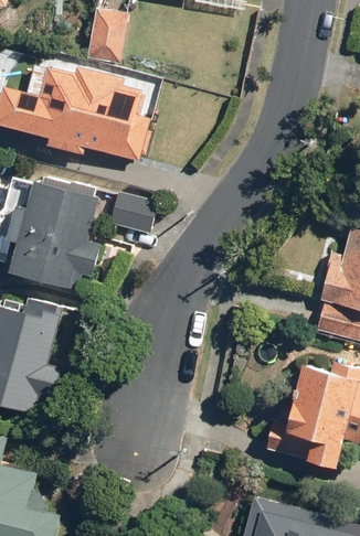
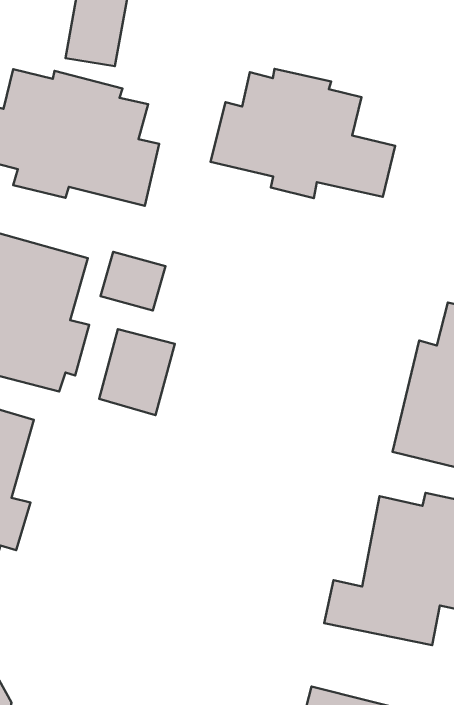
building: none -> [210,69,395,198]
building: none -> [99,329,175,415]

